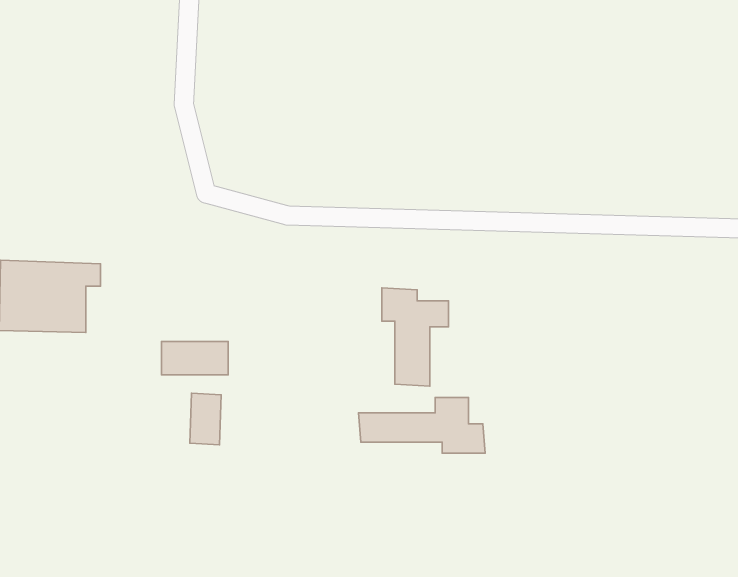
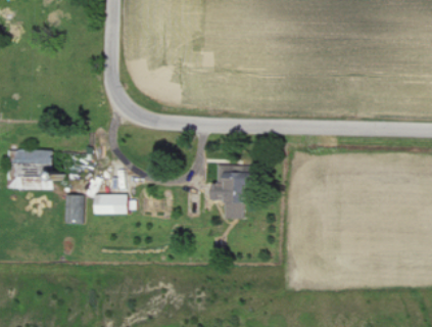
building: [190,393,221,445] -> [64,194,82,223]
building: [359,398,485,453] -> none

